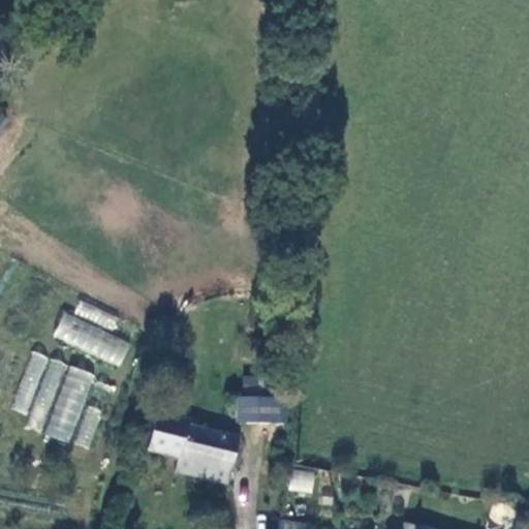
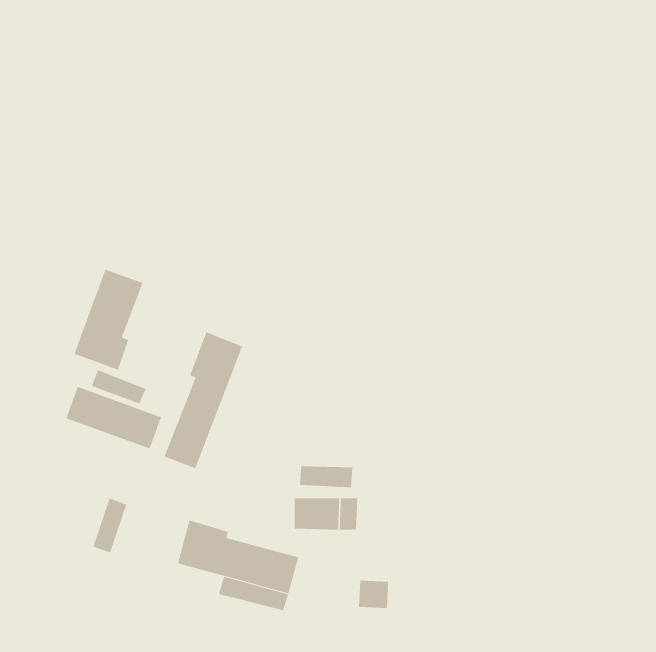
building: none -> [74,269,143,371]
building: none -> [164,331,243,469]
building: [12,349,93,440] -> none

